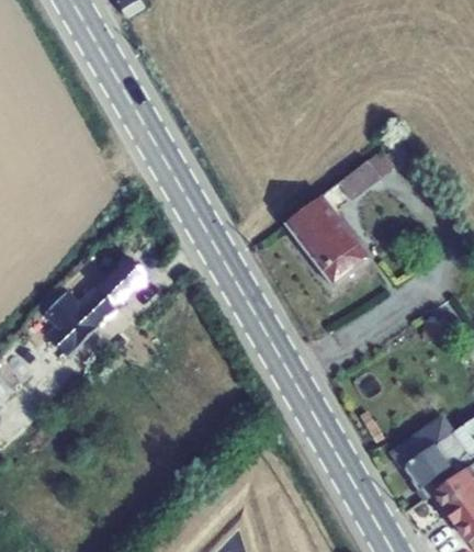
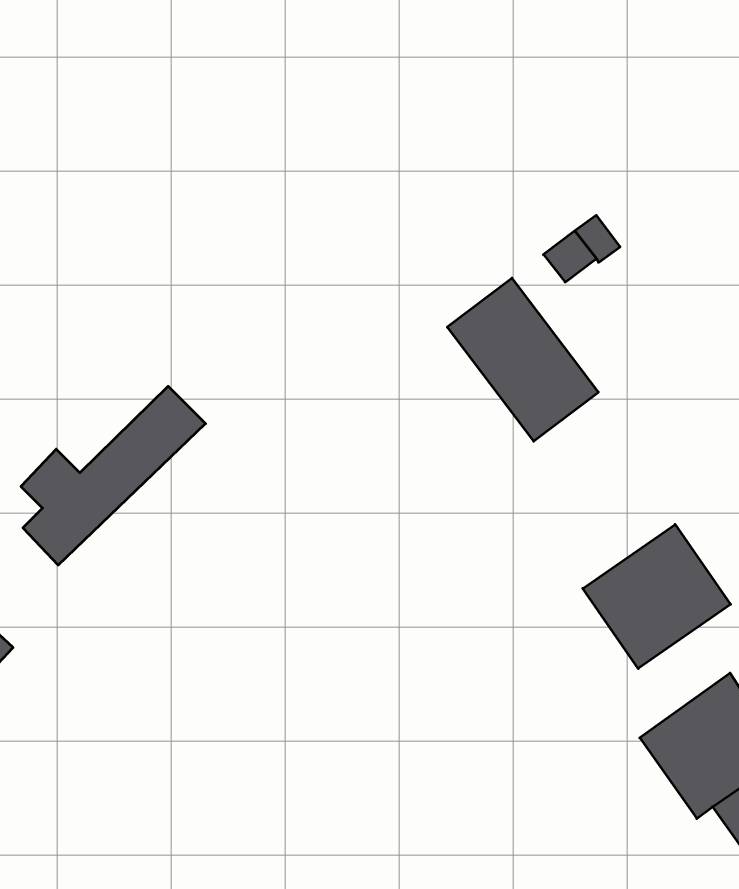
building: none -> [583,524,731,669]

